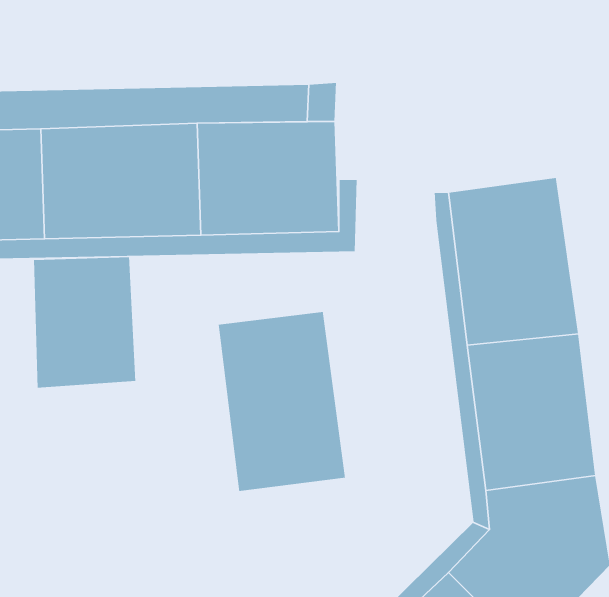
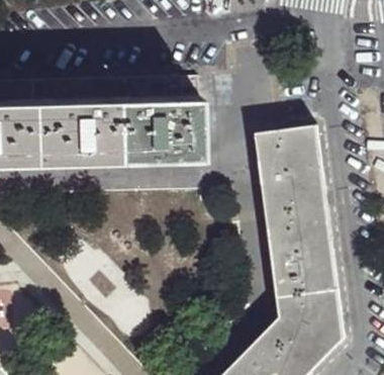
building: [33,256,136,388] -> none
building: [218,311,346,492] -> none

